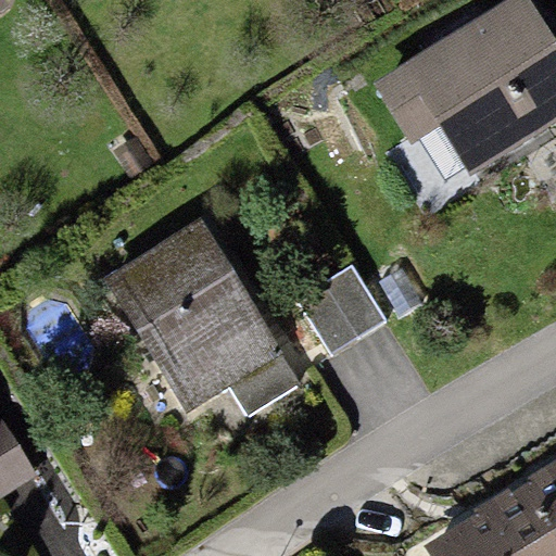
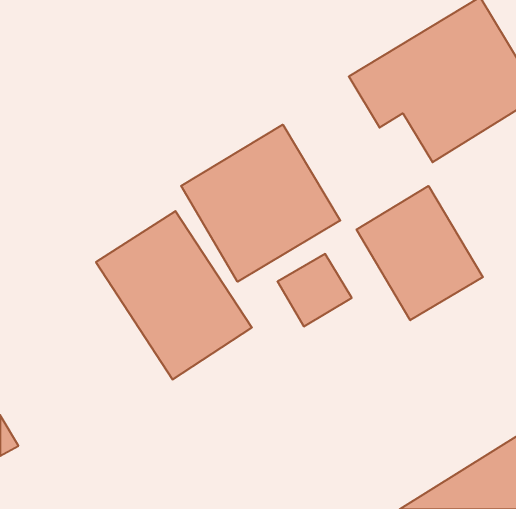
building: none -> [181,125,340,282]
building: none -> [357,186,483,320]

